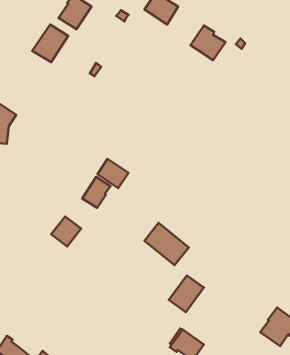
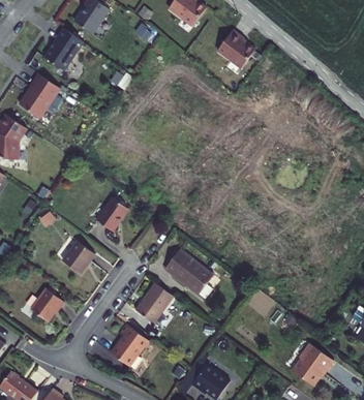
building: none -> [18,74,58,119]
building: [97,159,128,188] -> none
building: none -> [31,288,64,321]
building: [169,275,204,312] -> [134,283,173,324]
building: none -> [111,324,149,366]

